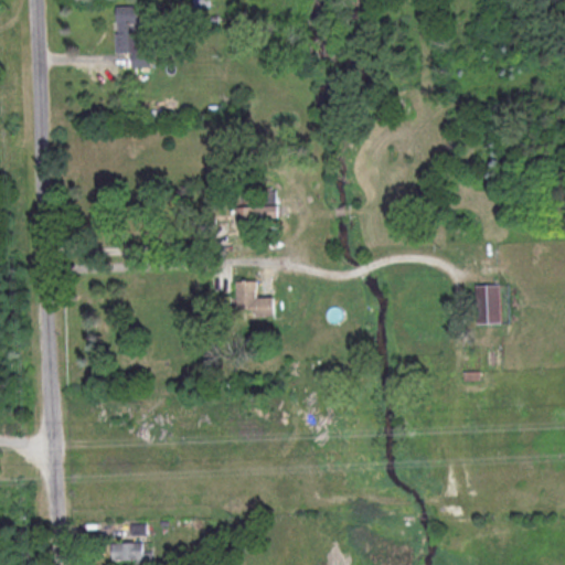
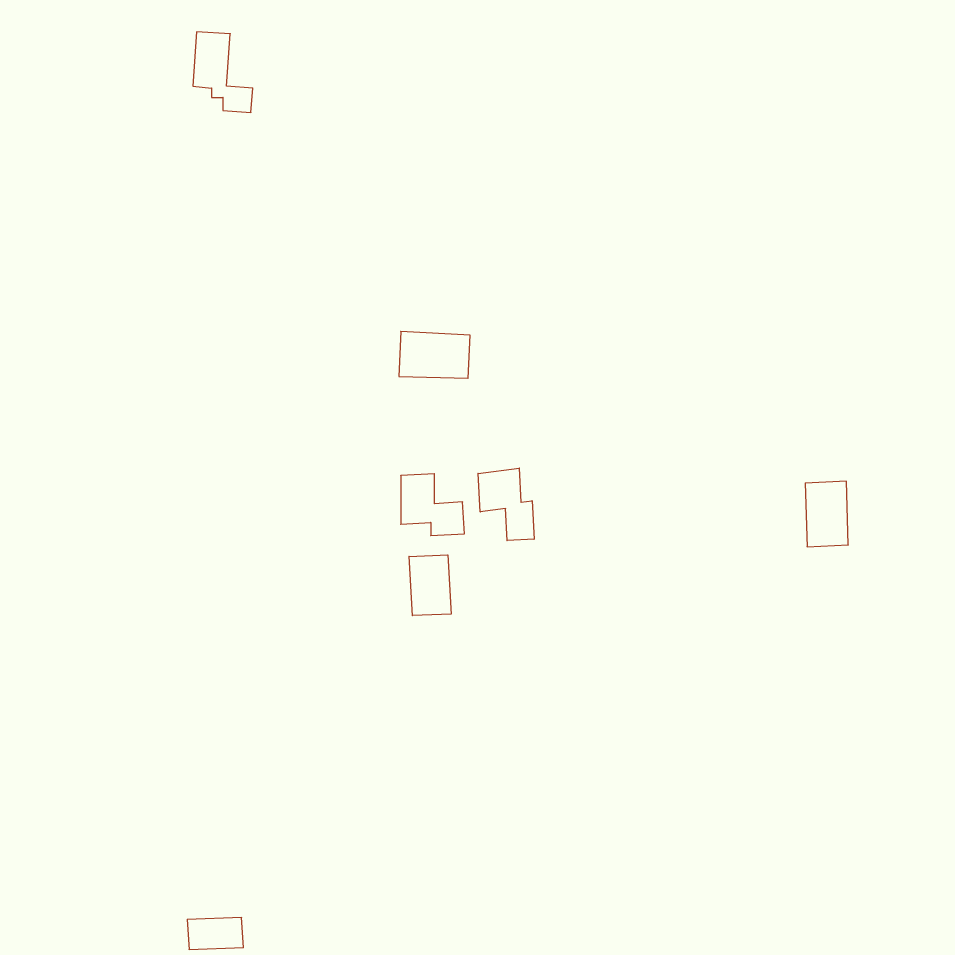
building: none -> [478,468,534,541]
building: none -> [409,555,451,616]

